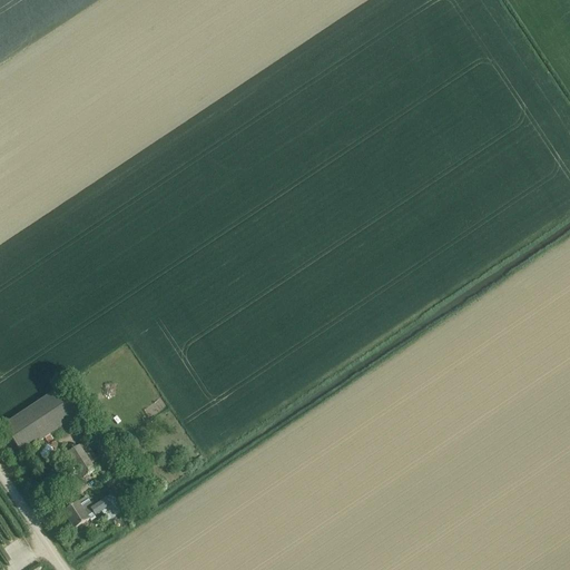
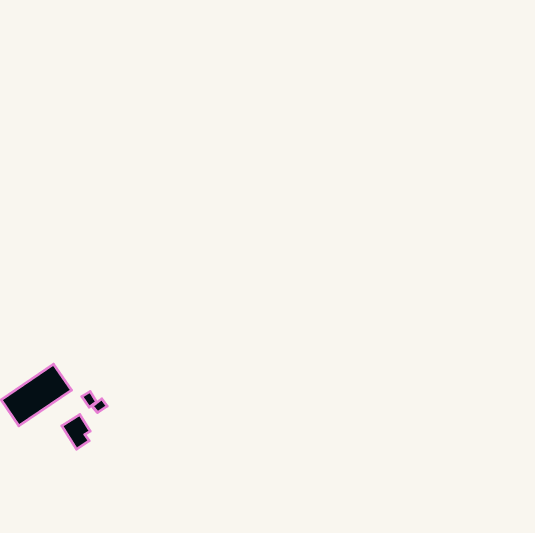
building: [61,492,115,527] -> none

